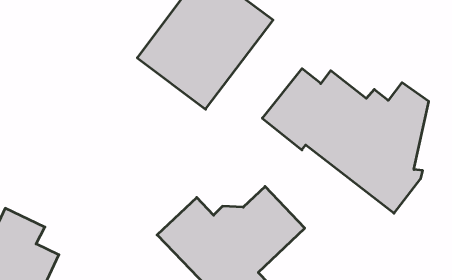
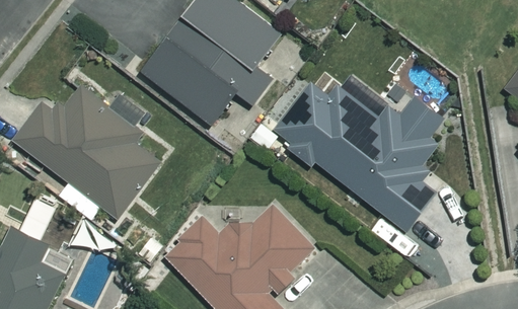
building: none -> [13,84,157,218]

